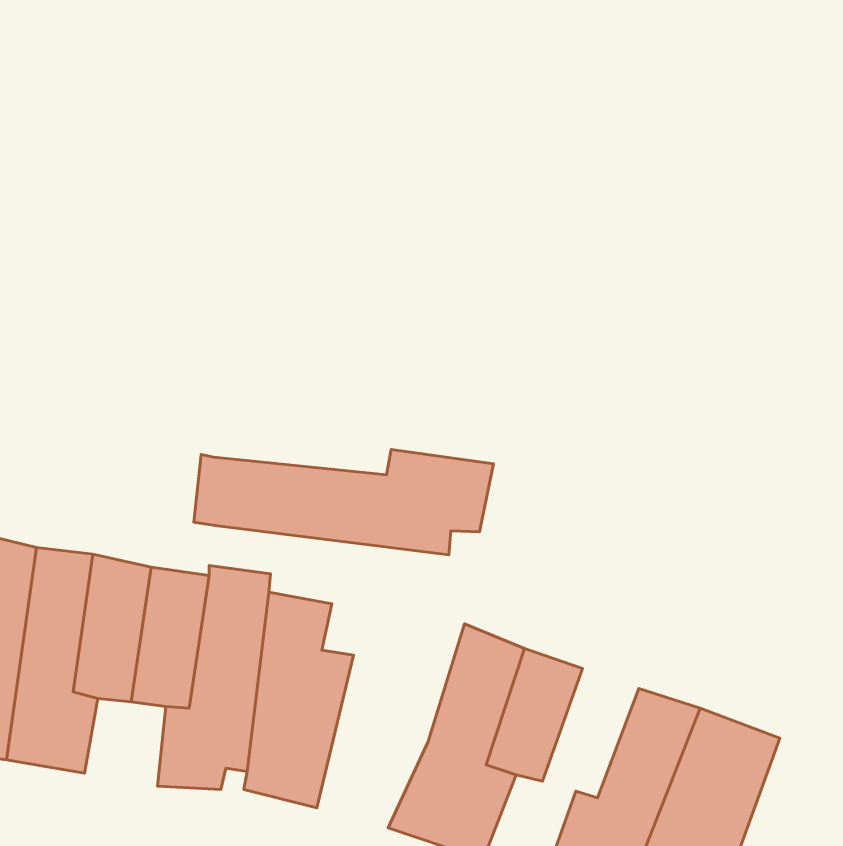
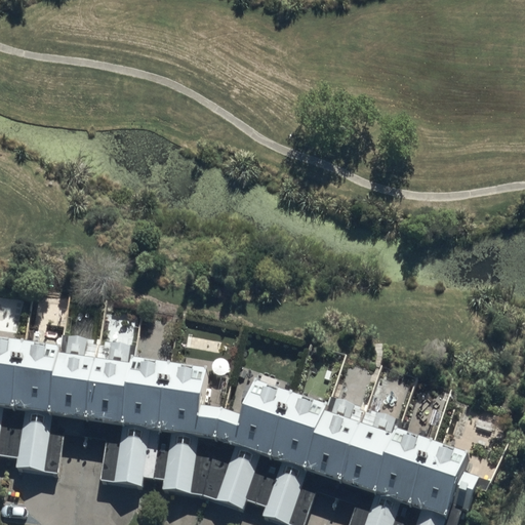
building: [194,449,494,555] -> none
building: none -> [196,374,287,513]
building: none -> [335,414,395,494]

